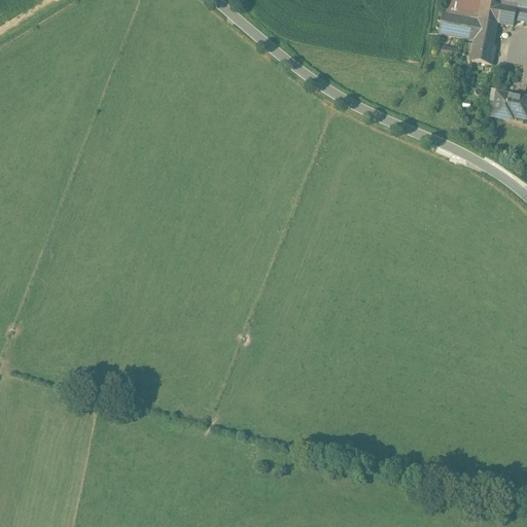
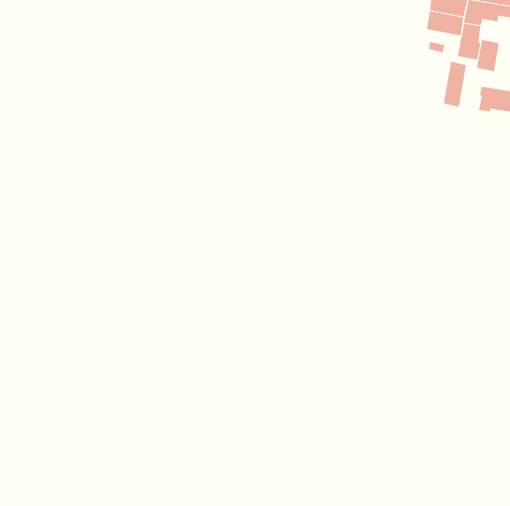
building: none -> [477,39,499,72]
building: none -> [443,61,467,108]

